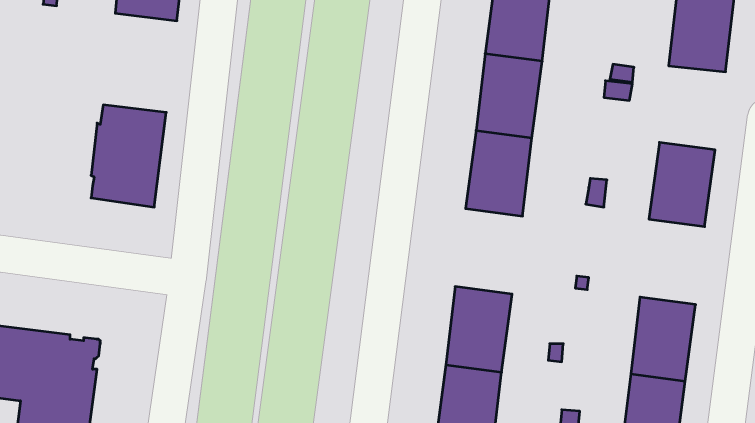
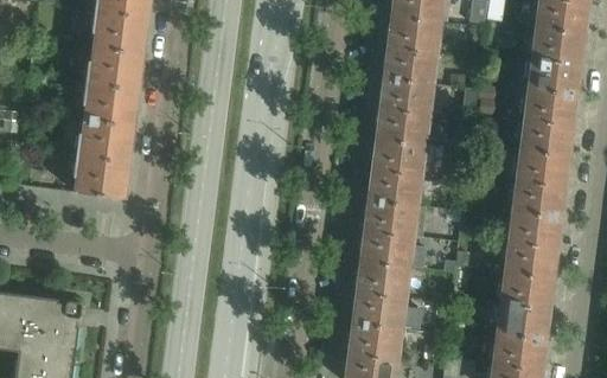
building: none -> [82,45,141,123]
building: none -> [522,87,574,153]
building: none -> [360,199,414,267]
building: none -> [506,207,557,275]

